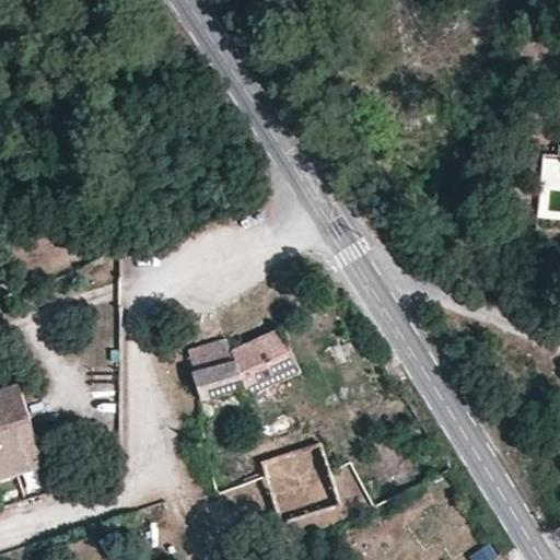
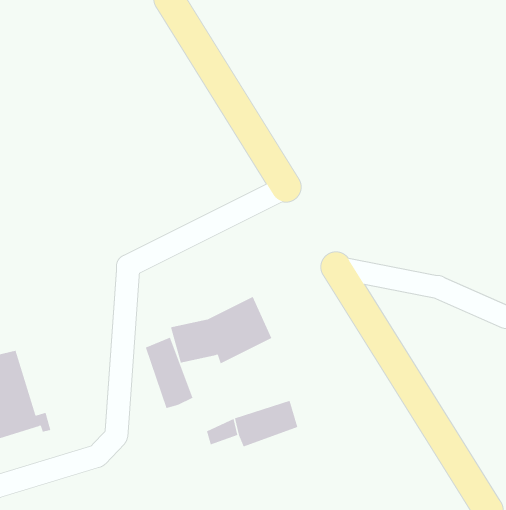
building: none -> [145,337,193,409]
building: [266,467,336,522] -> none

